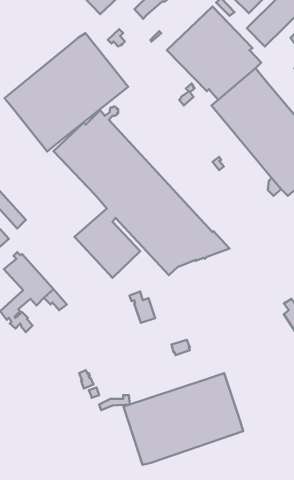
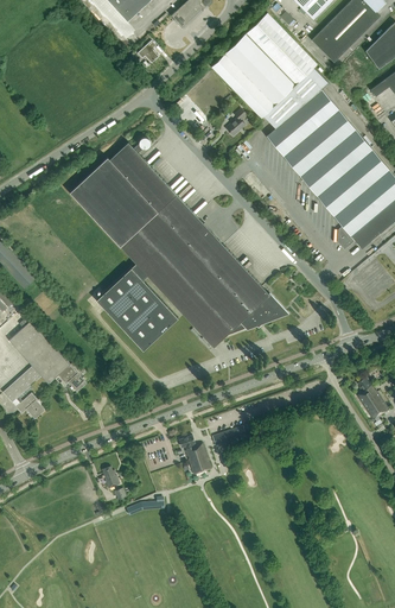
building: [5,33,128,152] -> none
building: [130,292,155,323] -> [179,435,211,474]
building: [123,373,243,465] -> none

